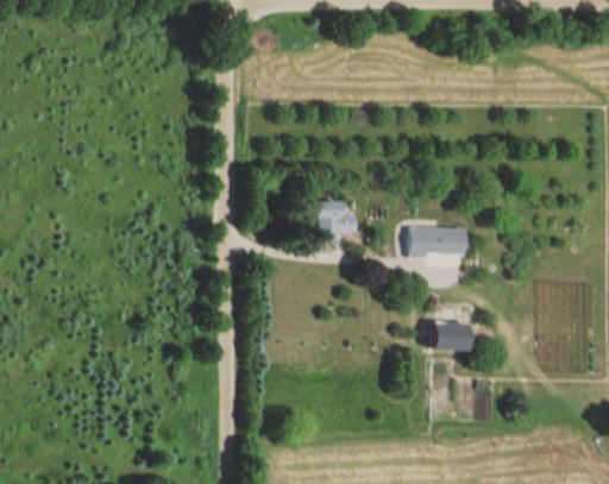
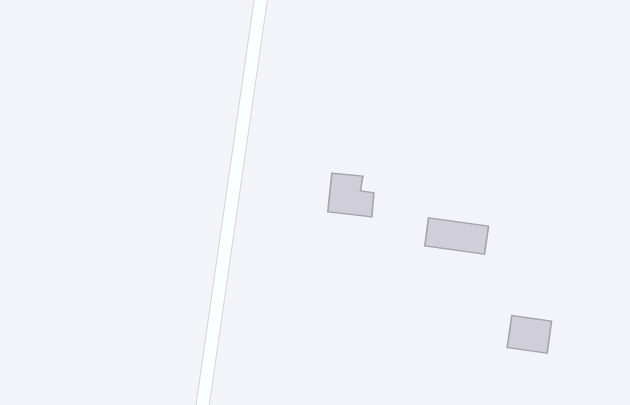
building: [435,322,471,351] -> [507,316,552,353]

